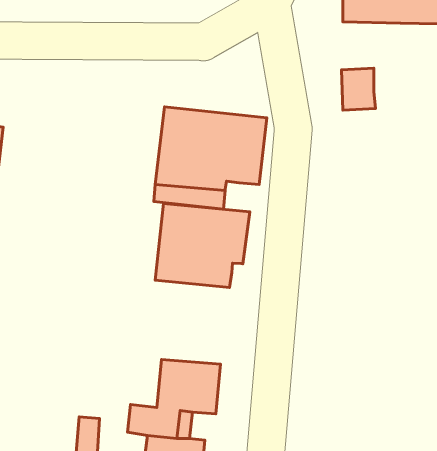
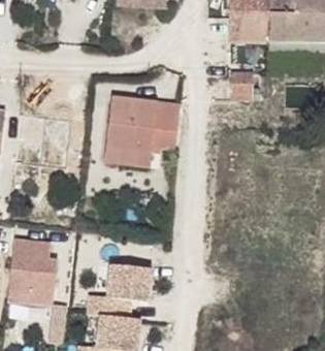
building: [155,203,250,287] -> none
building: none -> [6,240,57,304]

